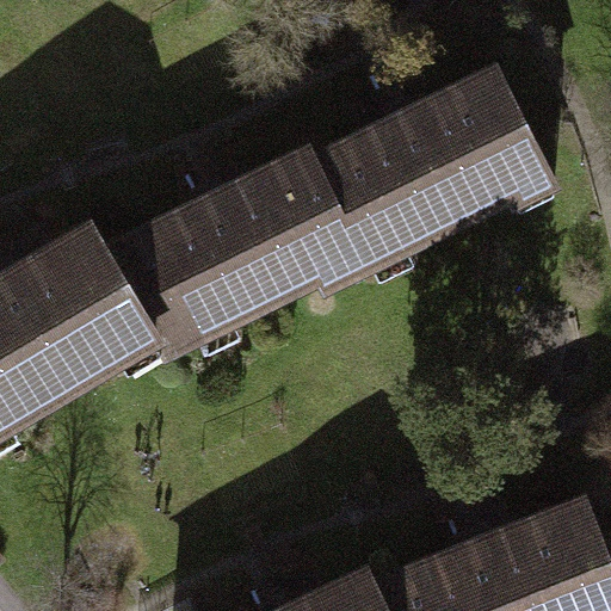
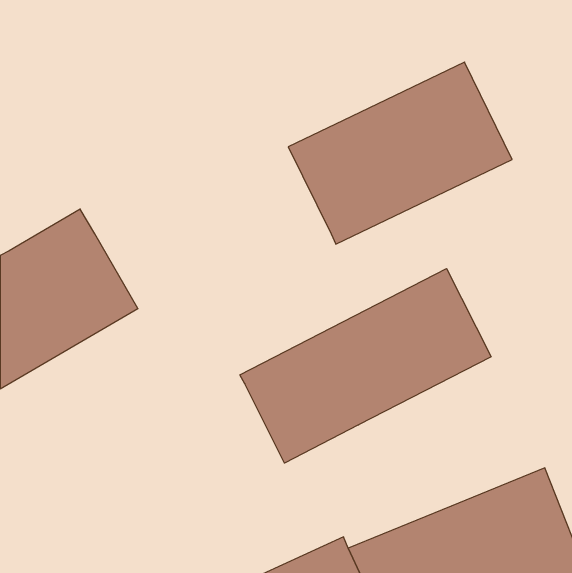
building: [106,149,356,348] -> none
building: none -> [240,269,491,463]

